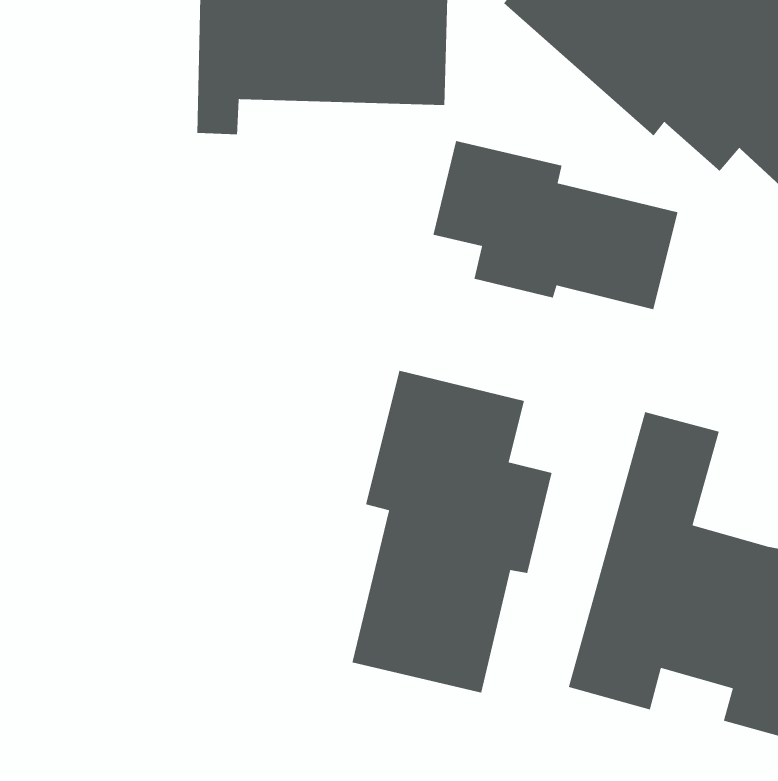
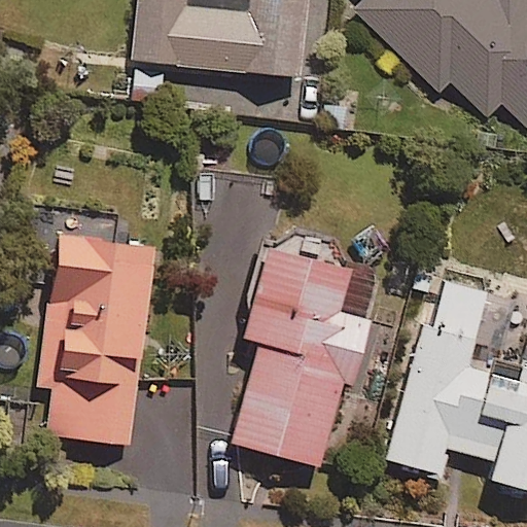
building: [432,140,678,310] -> none
building: none -> [35,205,149,446]

